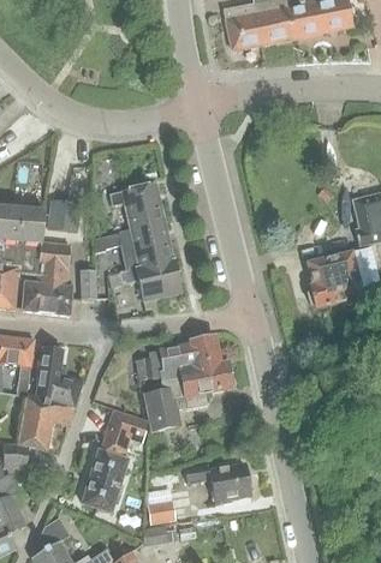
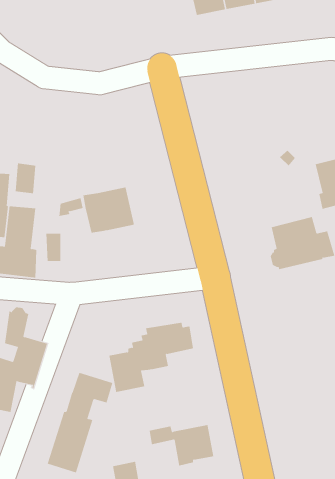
building: [109,182,162,228] -> none
building: [108,258,183,300] -> none
building: [137,336,219,385] -> none

